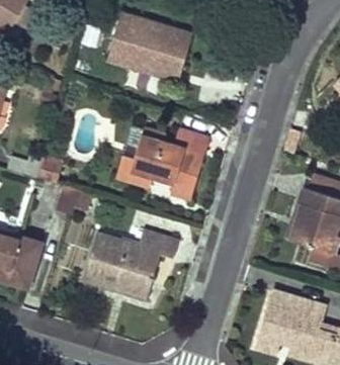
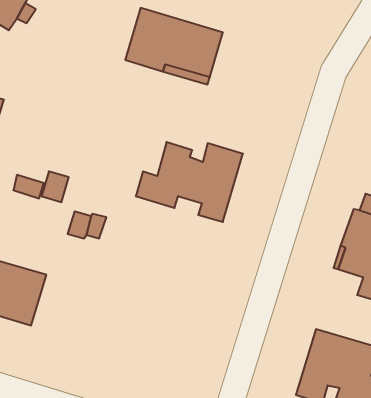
building: [84,230,178,297] -> none

